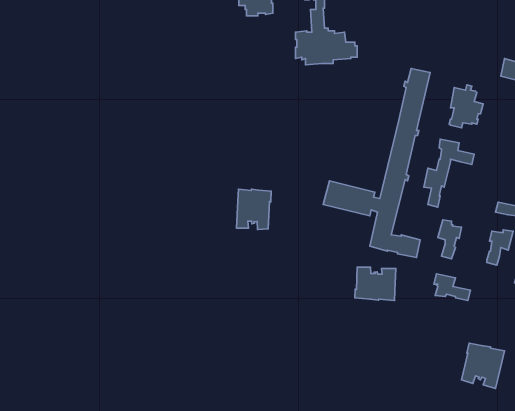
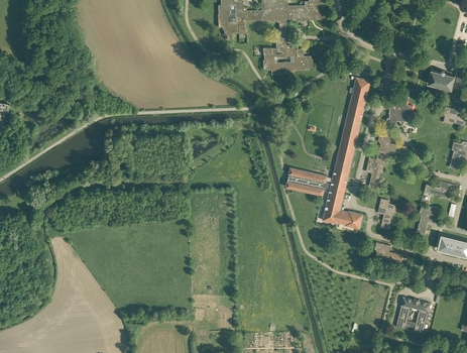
building: [237,189,271,230] -> none
building: [355,267,396,300] -> none

